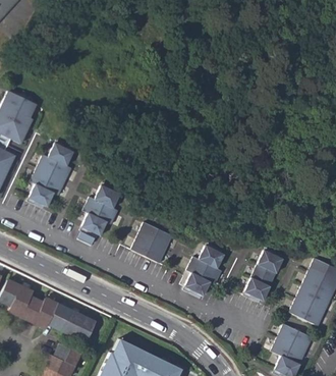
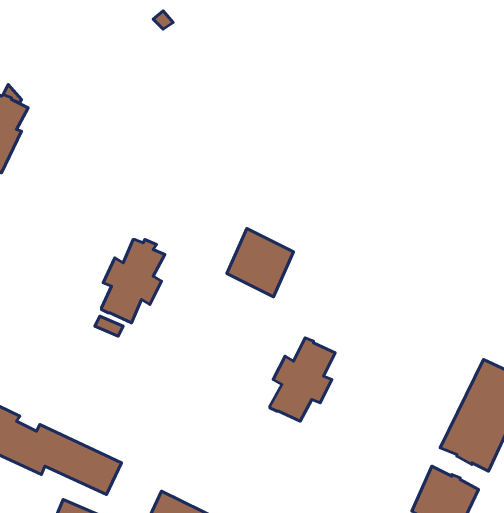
building: [29,142,73,207] -> none
building: [131,221,172,263] -> [227,229,294,297]
building: [244,249,283,301] -> none

